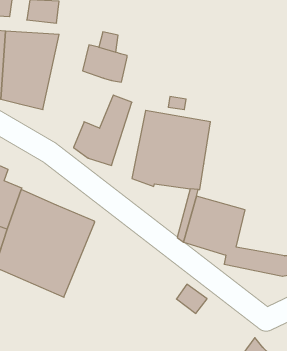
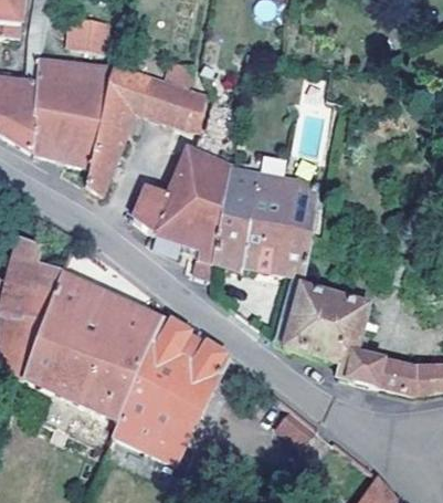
building: none -> [86,61,152,195]
building: none -> [183,156,230,279]
building: none -> [113,321,229,465]

